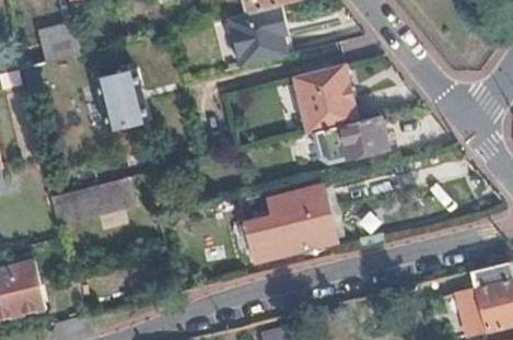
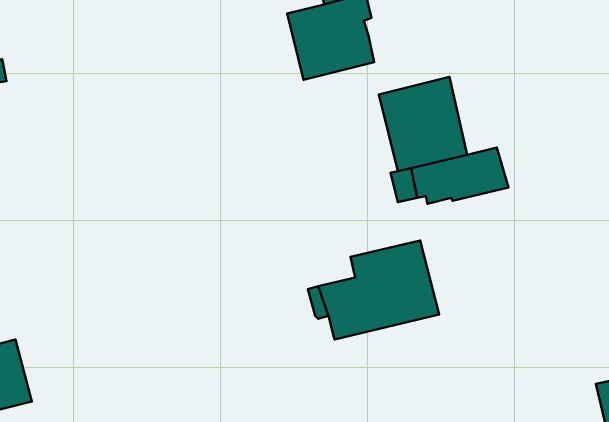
building: [37,24,80,62] -> none
building: [101,69,154,132] -> none
building: [48,176,136,223] -> none

